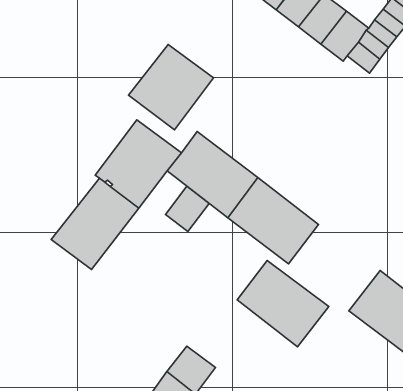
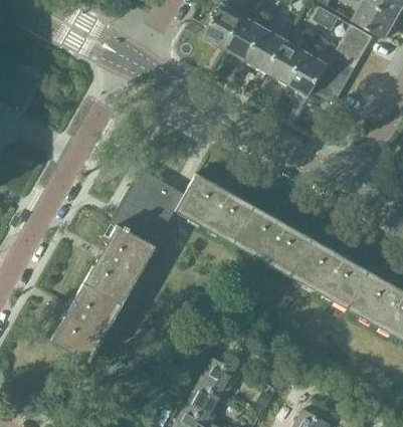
building: [129,44,213,130] -> none
building: [165,186,209,232] -> none
building: none -> [50,282,121,362]
building: [237,260,329,347] -> [288,238,368,308]

